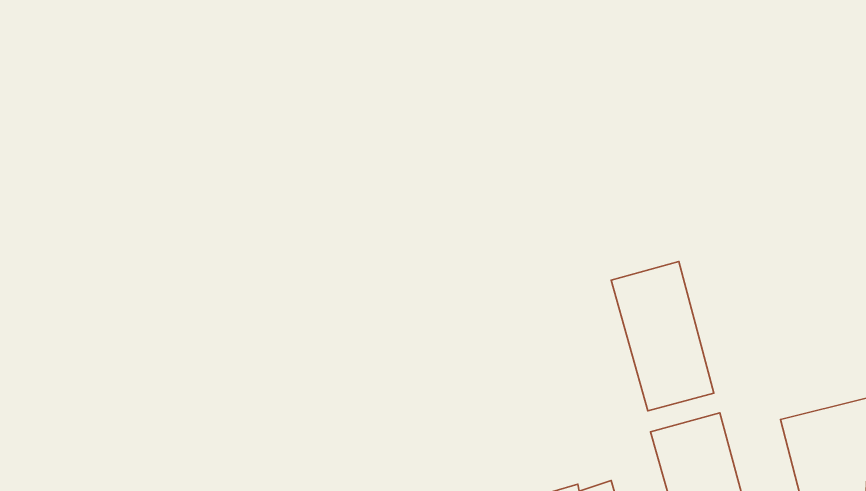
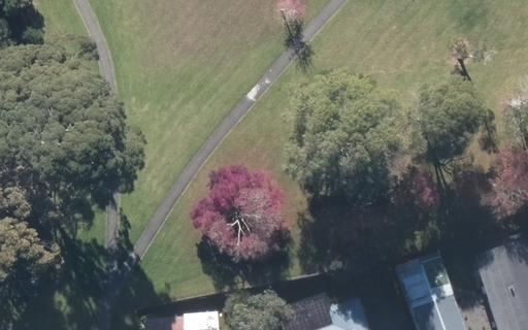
building: [611,261,714,411] -> none

